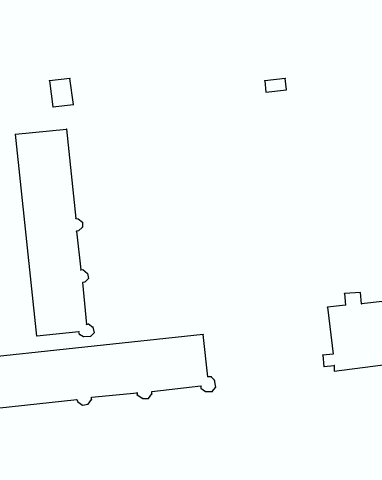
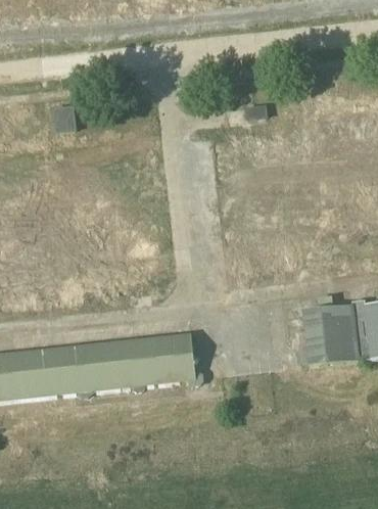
building: [15,129,94,337] -> none

